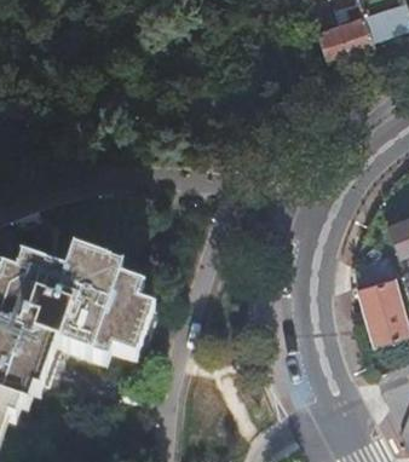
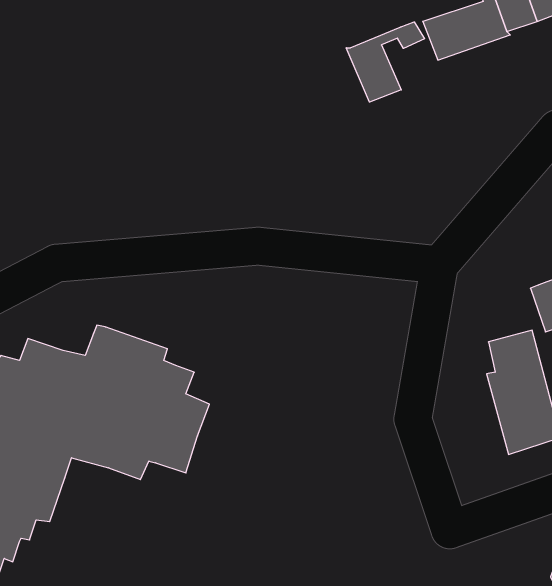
building: none -> [346,22,425,102]

